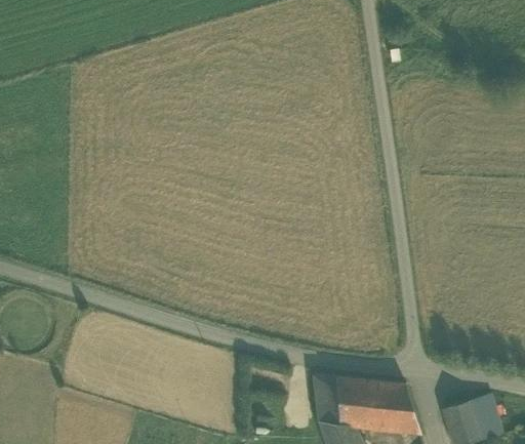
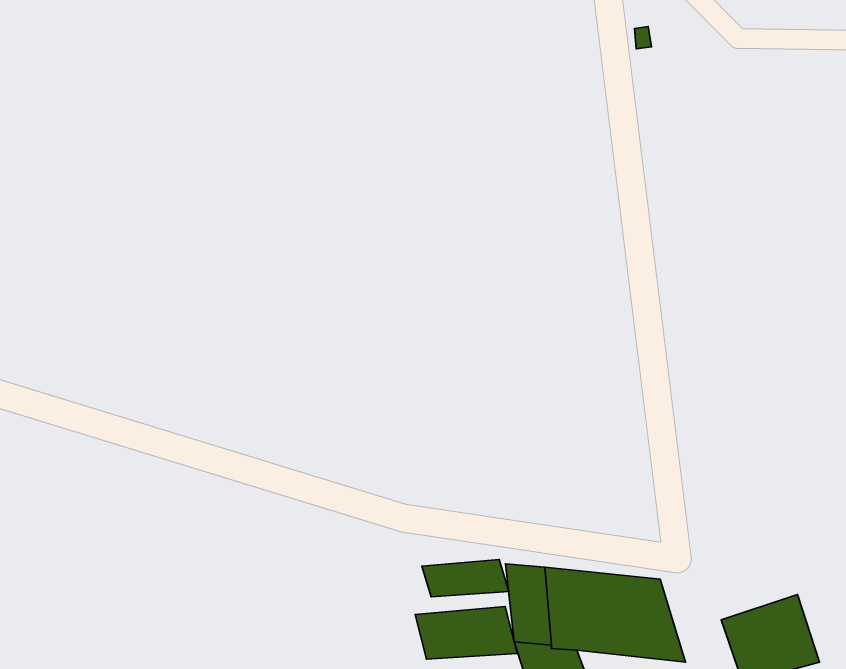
building: none -> [422,560,509,597]
building: none -> [415,607,517,659]

